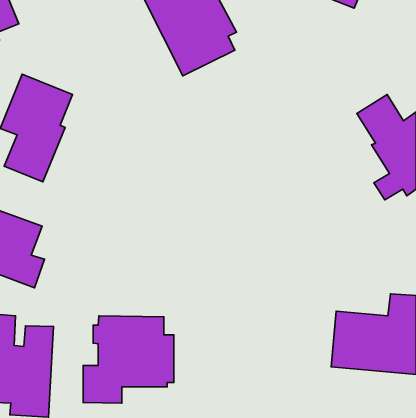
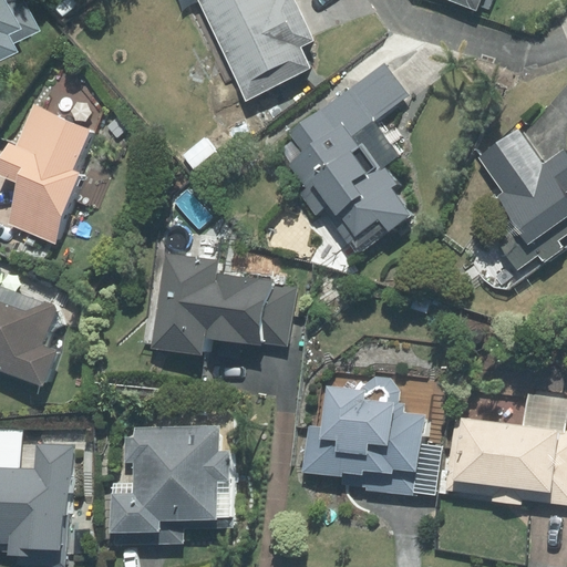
building: none -> [277,61,415,254]
building: none -> [152,251,274,351]
building: none -> [302,375,427,497]

